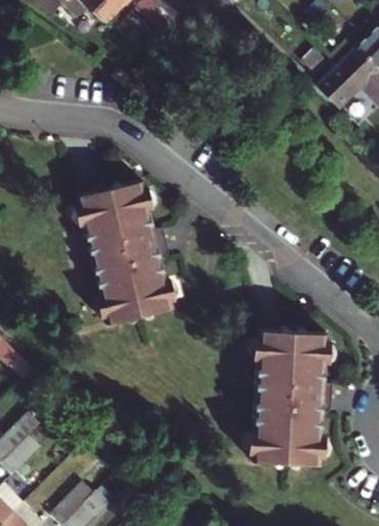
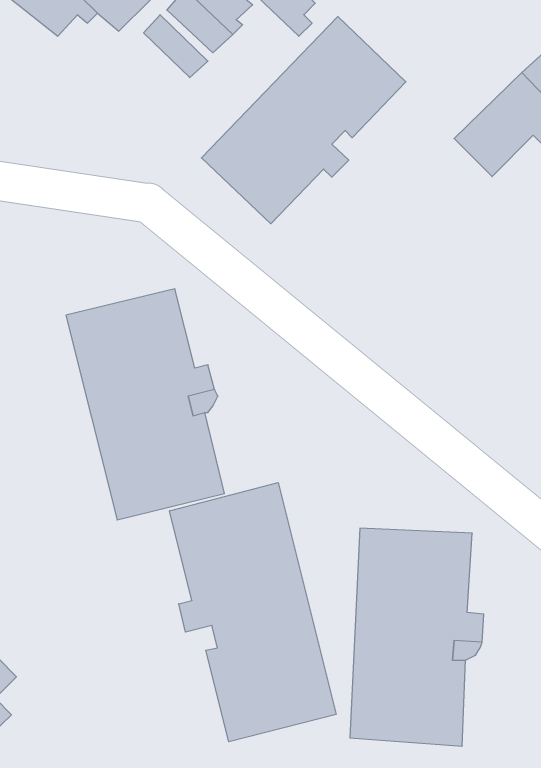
building: none -> [201,17,406,224]
building: none -> [170,483,336,742]

